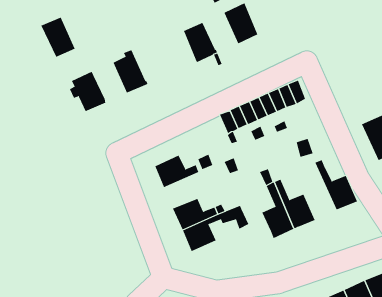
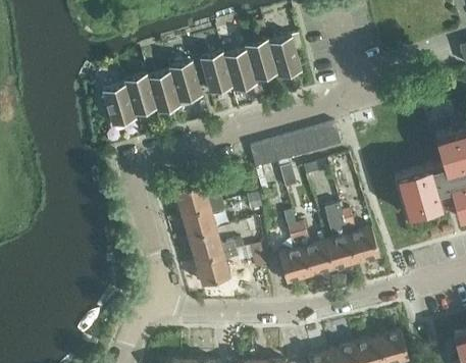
building: none -> [245,40,277,81]
building: [41,17,76,57] -> [124,75,157,116]
building: none -> [200,53,232,94]
building: none -> [169,62,202,103]
building: none -> [324,203,356,269]
building: none -> [183,204,223,238]

